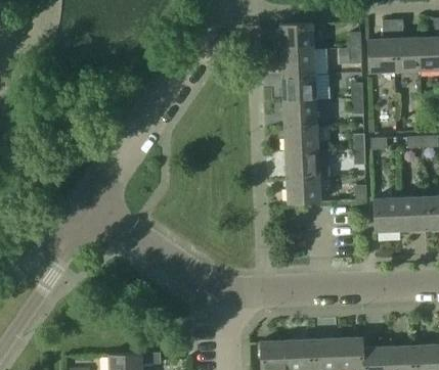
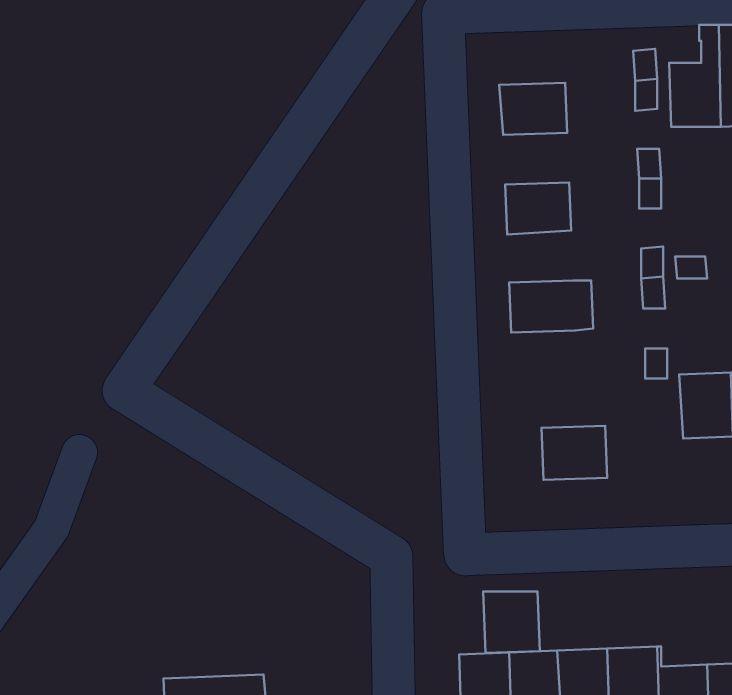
building: [279,24,314,50] -> none
building: [282,75,316,101] -> none
building: [284,125,318,151] -> none
building: [287,176,320,203] -> [541,426,607,480]
building: none -> [483,592,540,653]

